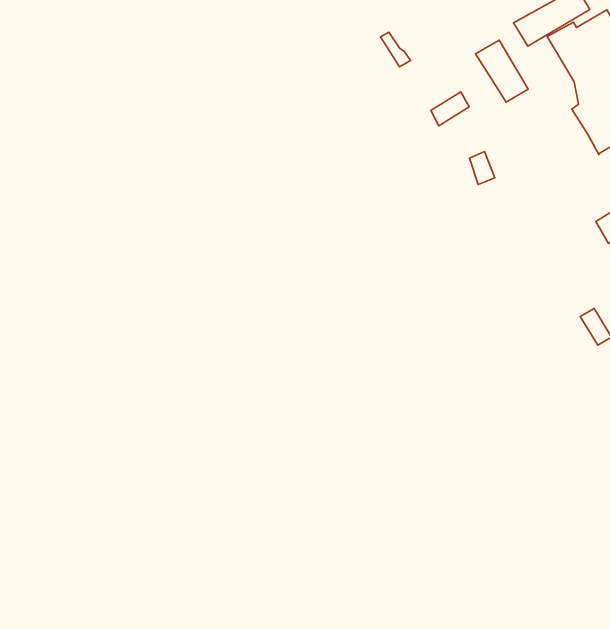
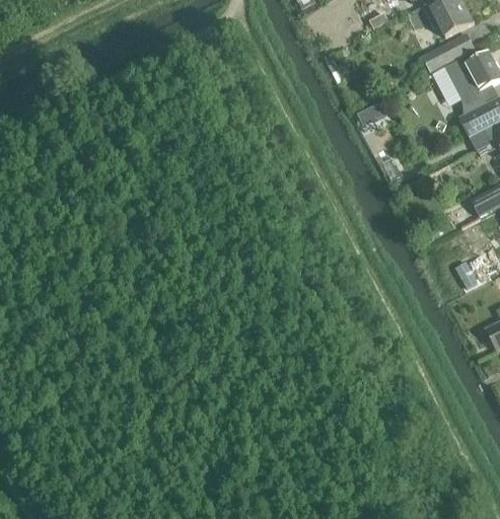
building: [475,40,528,102] -> none

